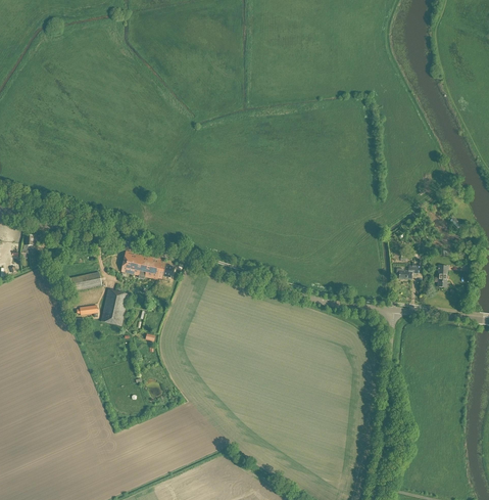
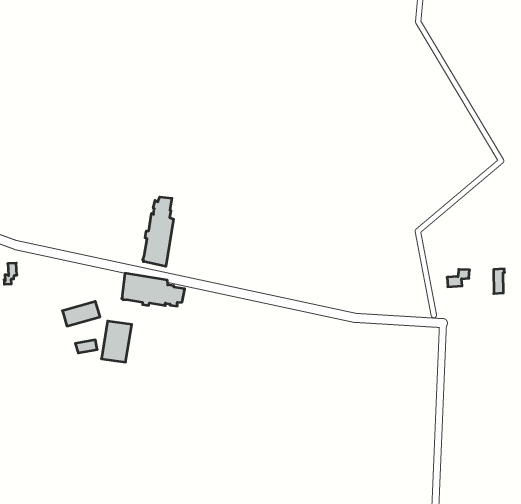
building: none -> [143,197,174,266]

